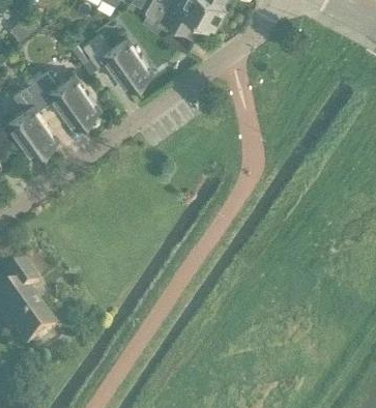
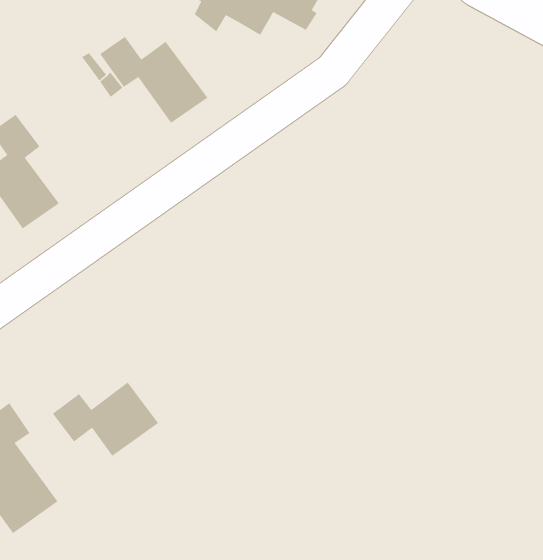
building: [30,70,99,127] -> none
building: none -> [52,382,159,457]

